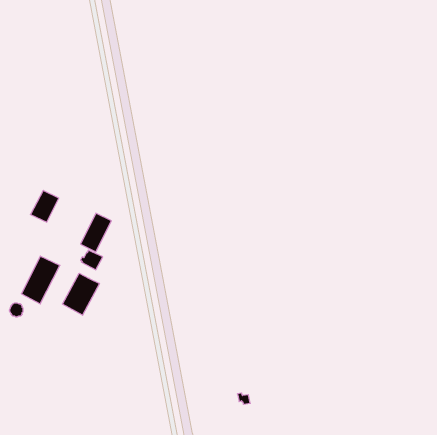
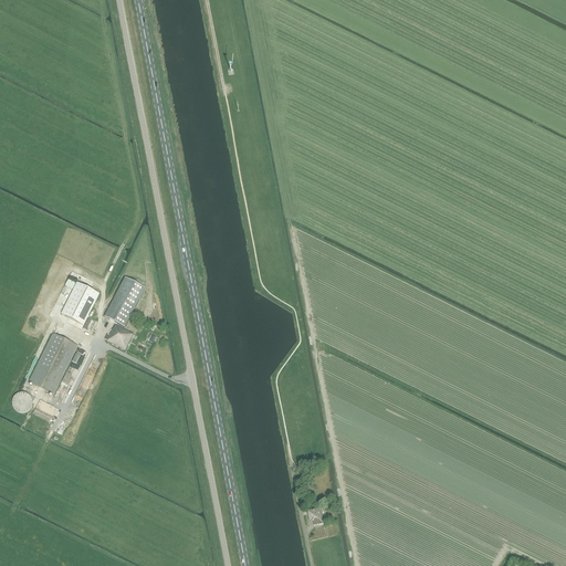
building: [30,190,59,222] -> [61,281,97,322]
building: [62,273,99,315] -> none

